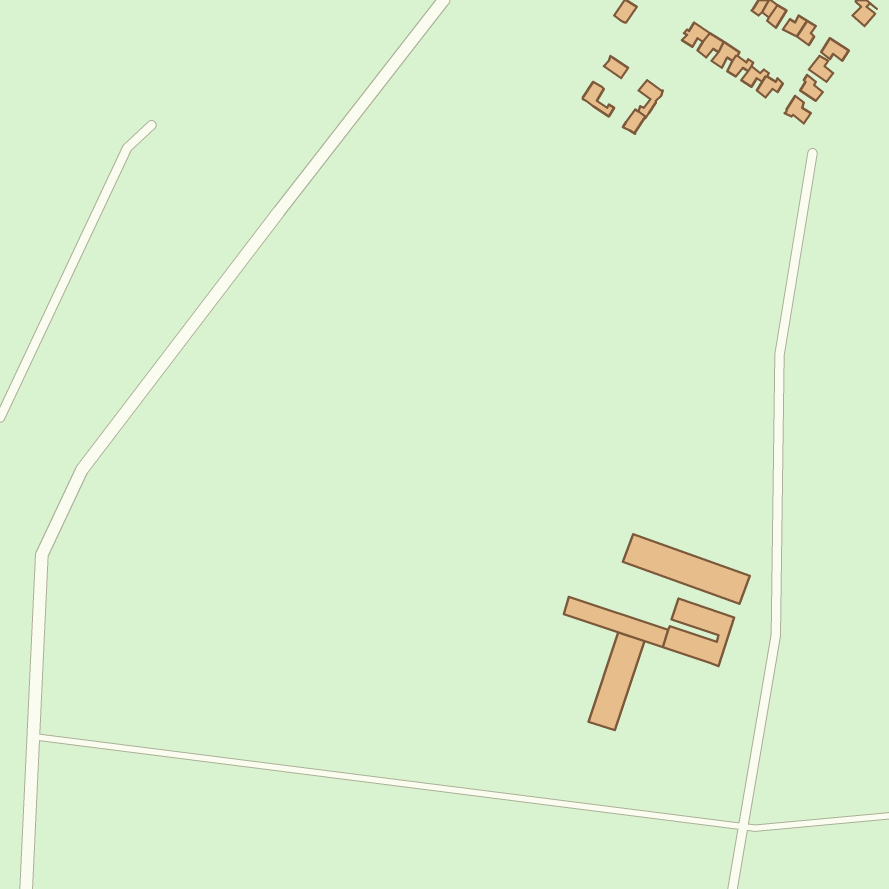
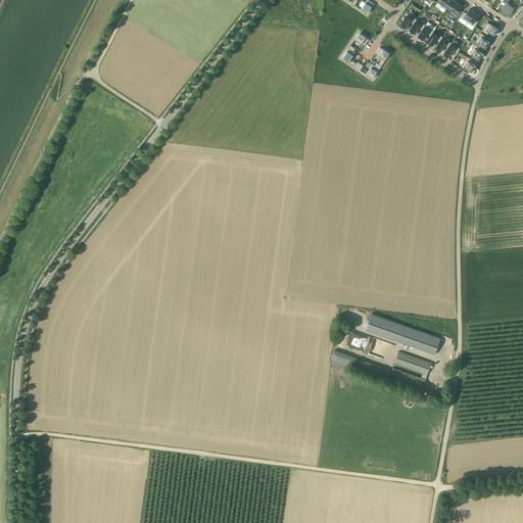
building: [588,633,645,730] -> none

